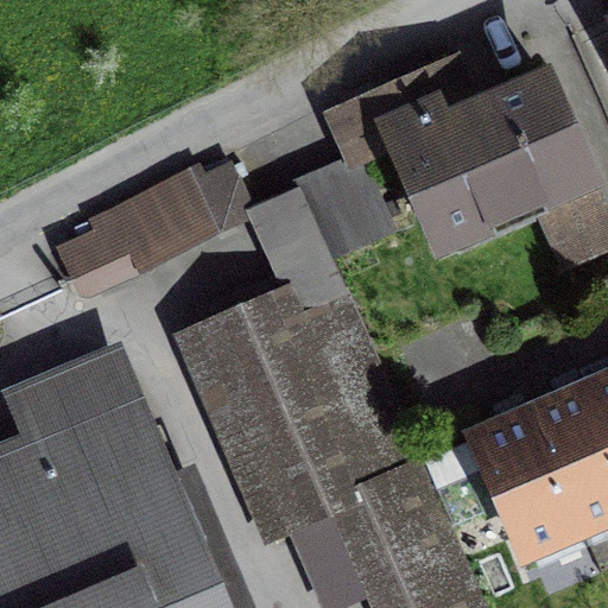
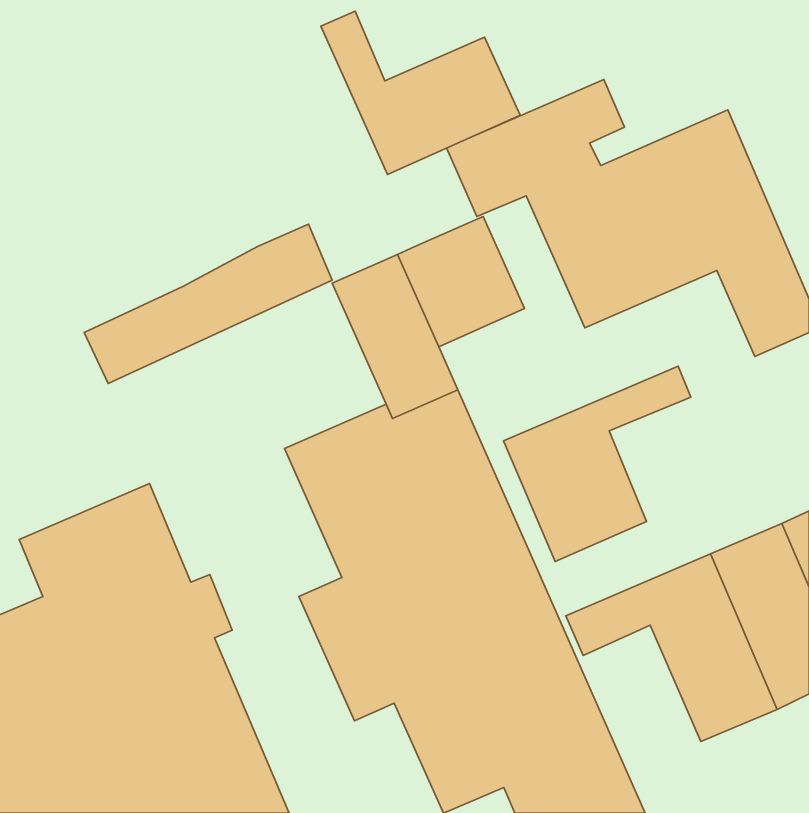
building: none -> [321,11,520,175]
building: none -> [504,366,691,561]

